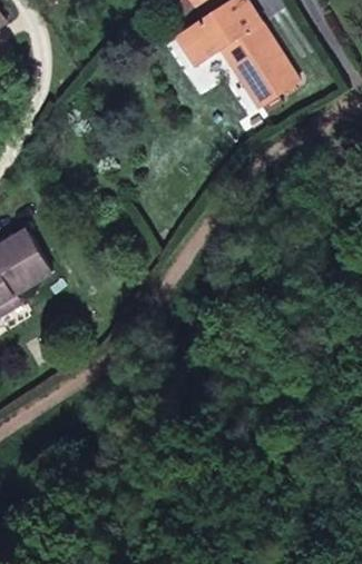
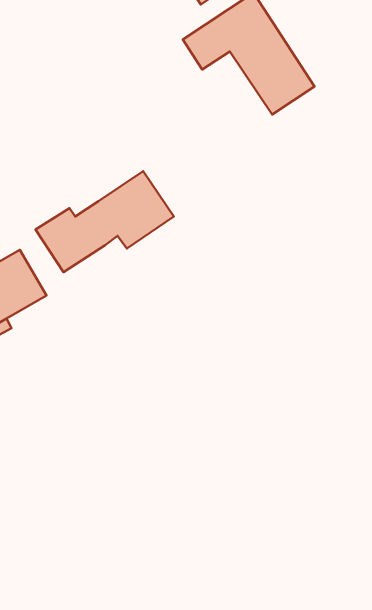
building: none -> [36,171,174,272]

